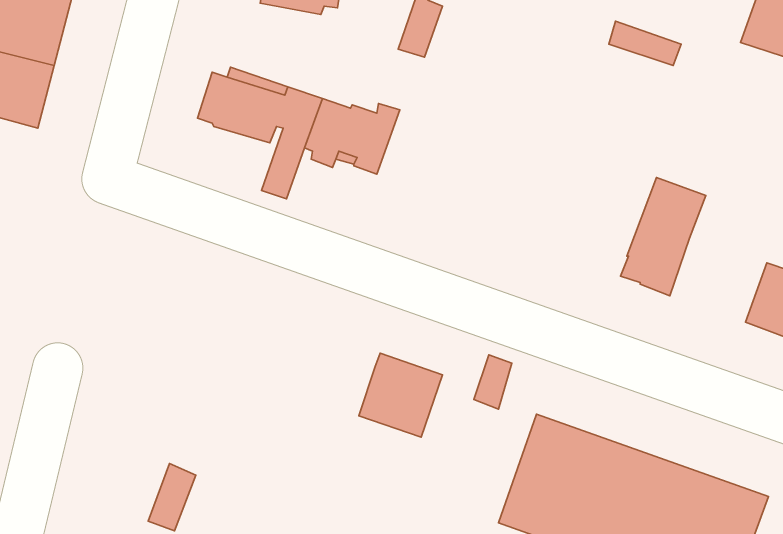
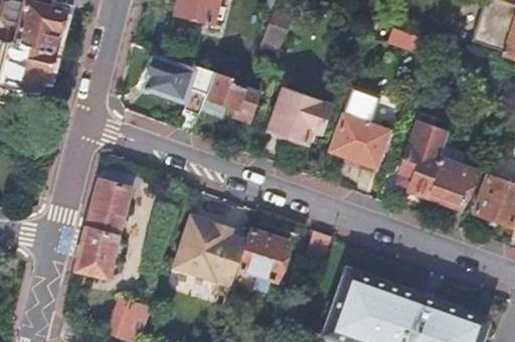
building: none -> [268,90,329,145]
building: none -> [331,90,388,168]
building: none -> [426,160,473,207]
building: none -> [74,179,132,279]
building: none -> [175,214,246,291]

